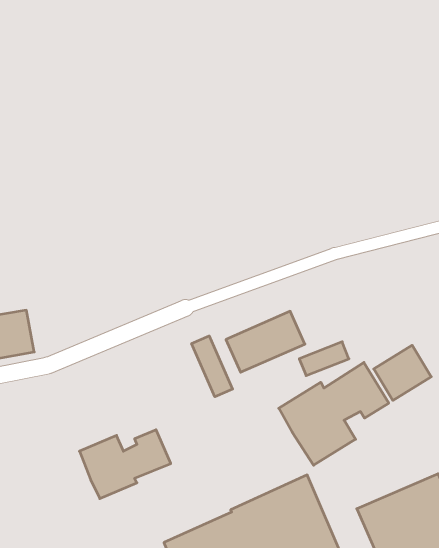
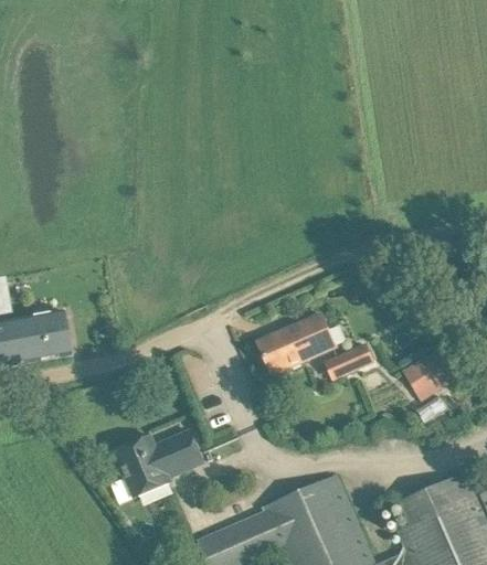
building: [192,336,233,397] -> none
building: [279,362,389,465] -> none

